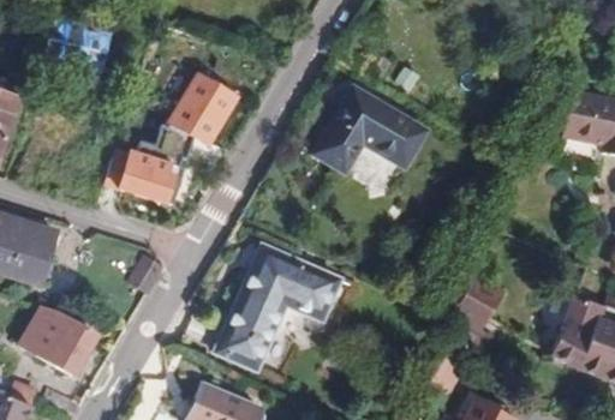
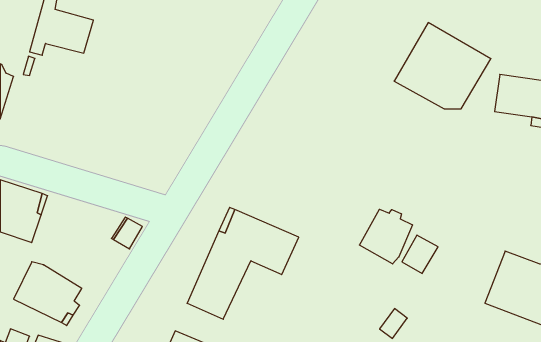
building: [169,72,237,167] -> none
building: [316,86,425,184] -> [394,23,491,109]
building: [105,146,175,200] -> none
building: none -> [359,209,412,264]

